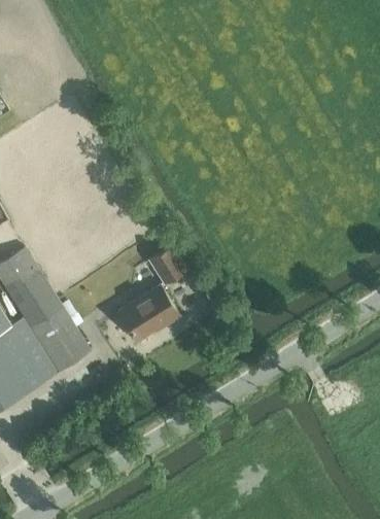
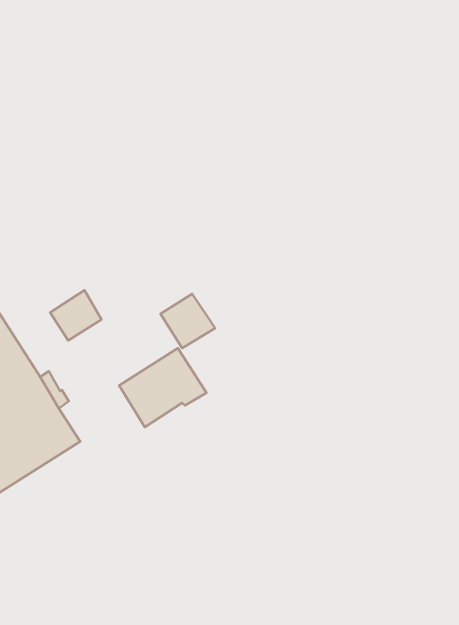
building: none -> [50,290,102,341]

